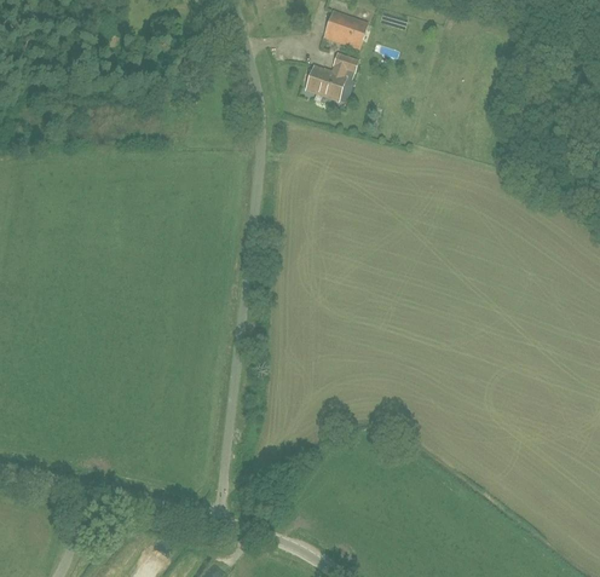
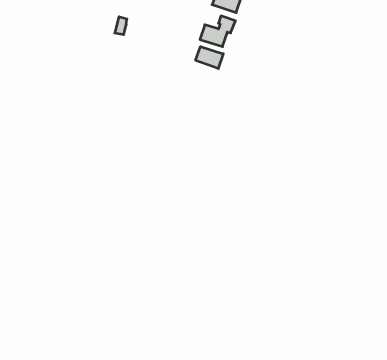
building: none -> [196,47,223,69]

